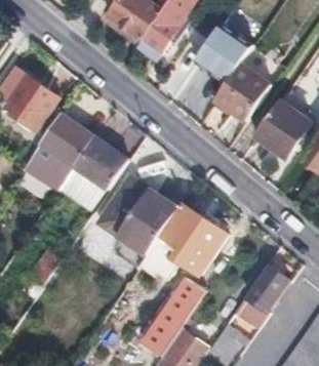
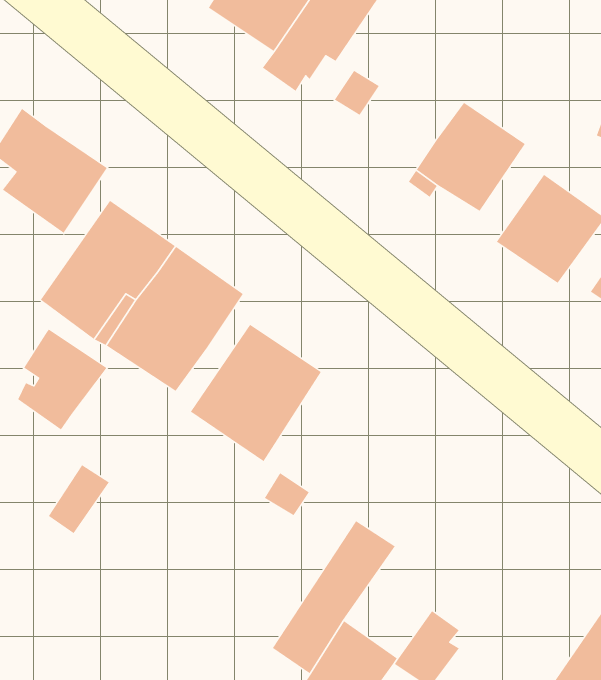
building: [195,23,253,83] -> none
building: none -> [17,328,107,430]
building: [153,204,227,276] -> none
building: [236,267,288,329] -> none

